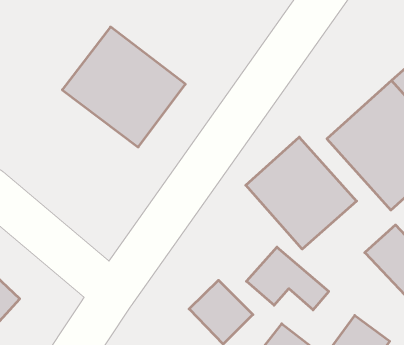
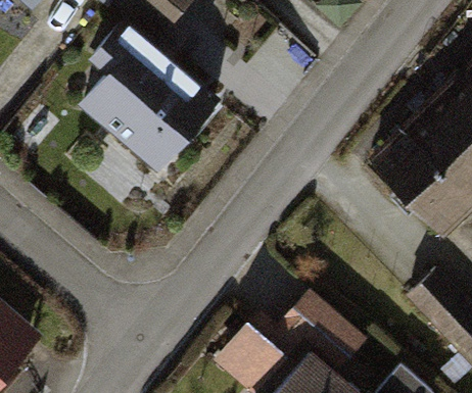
building: [246,137,357,249] -> none

